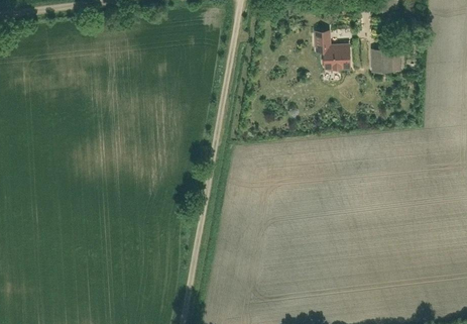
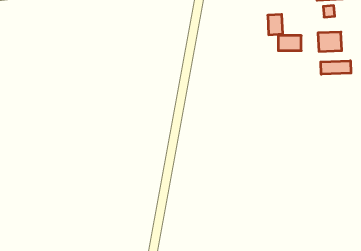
building: none -> [321,61,351,74]

